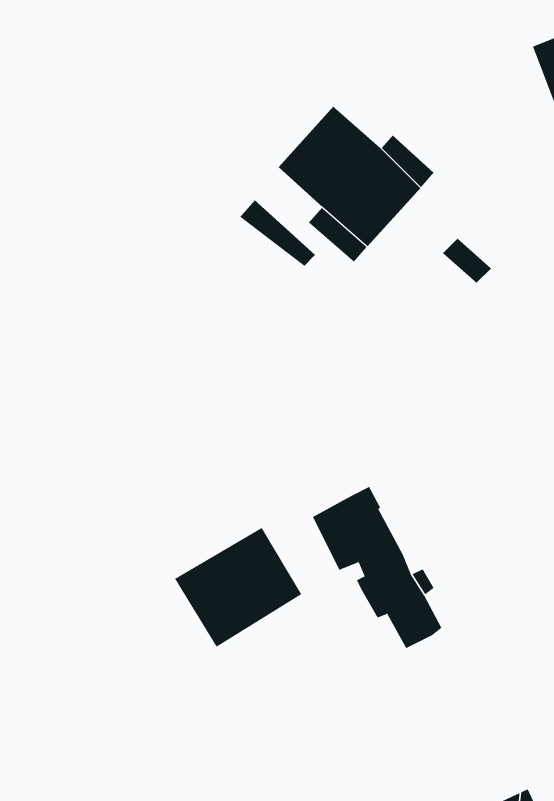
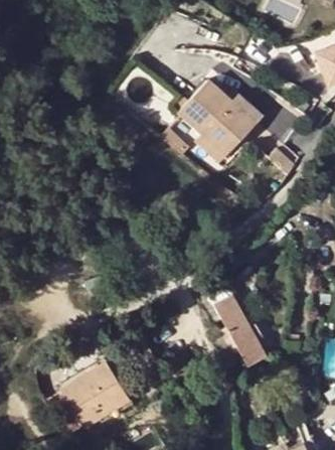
building: [174,527,302,648] -> [61,361,129,425]

